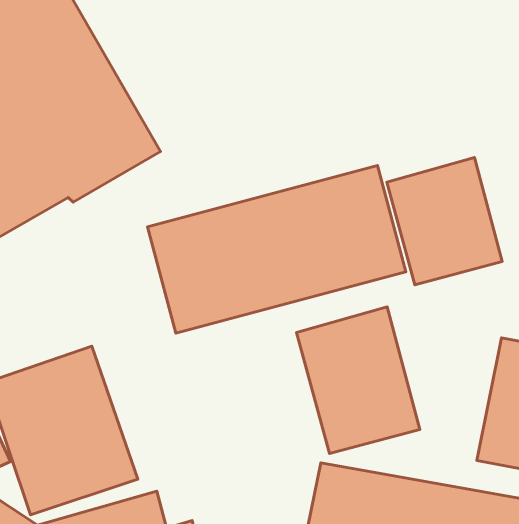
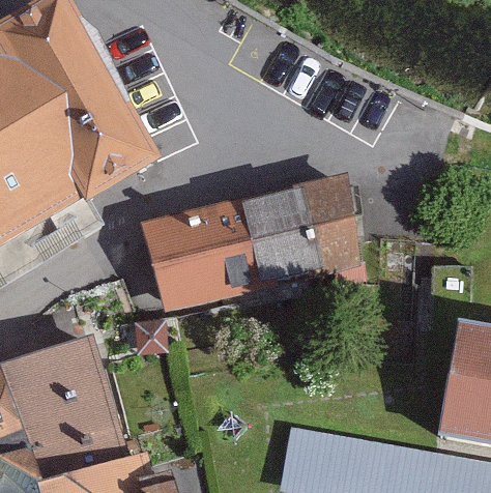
building: [387,157,502,285] -> none
building: [297,307,420,454] -> none

